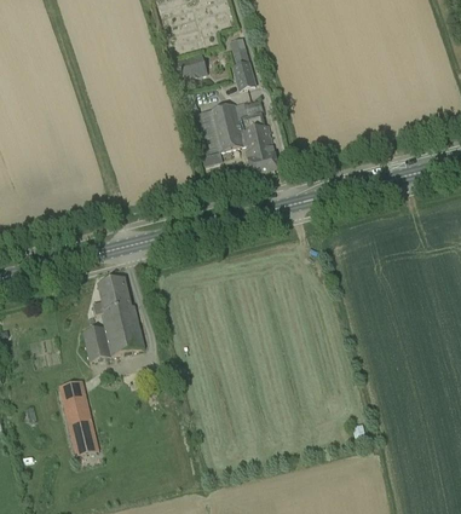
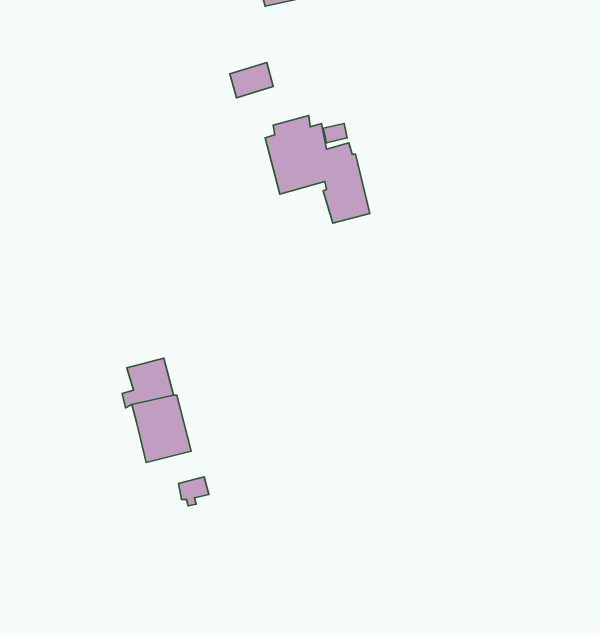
building: [230,39,255,89] -> none
building: [81,325,110,360] -> none
building: [58,380,98,455] -> none

